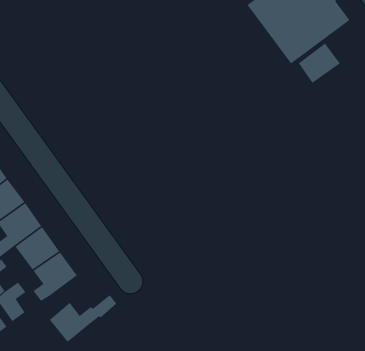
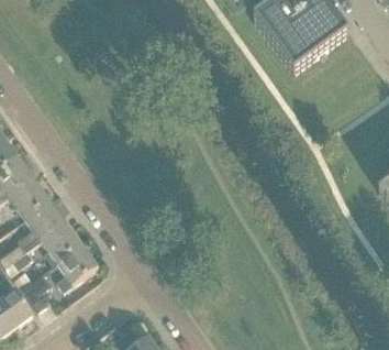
building: [298,42,341,84] -> none
building: [49,294,117,343] -> none

